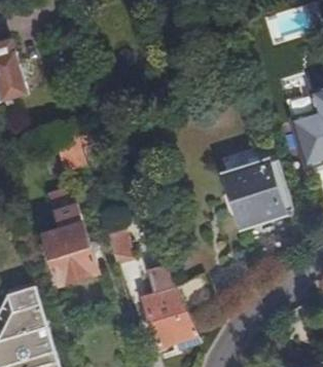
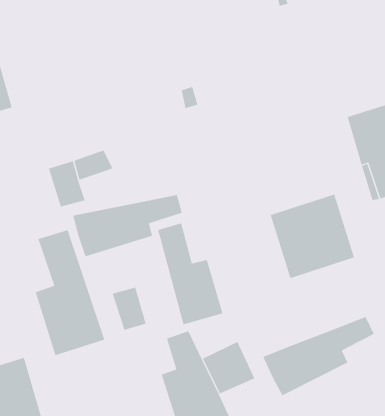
building: none -> [73,194,183,257]
building: none -> [158,222,223,325]
building: none -> [262,316,374,396]

